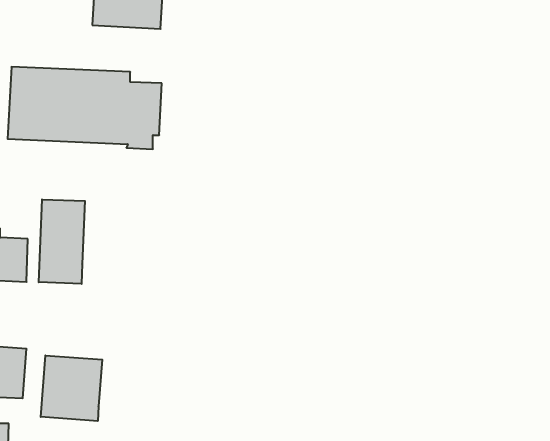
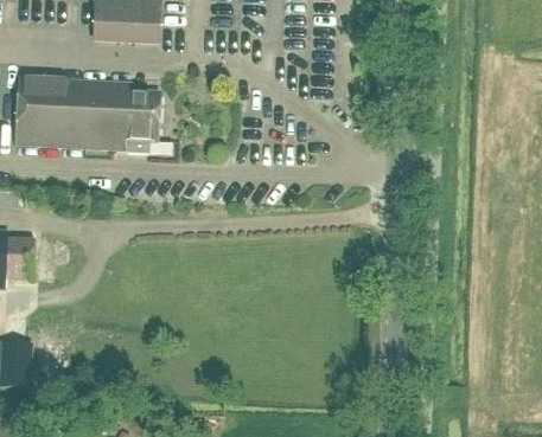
building: [39,199,85,284] -> none
building: [41,355,102,421] -> none

